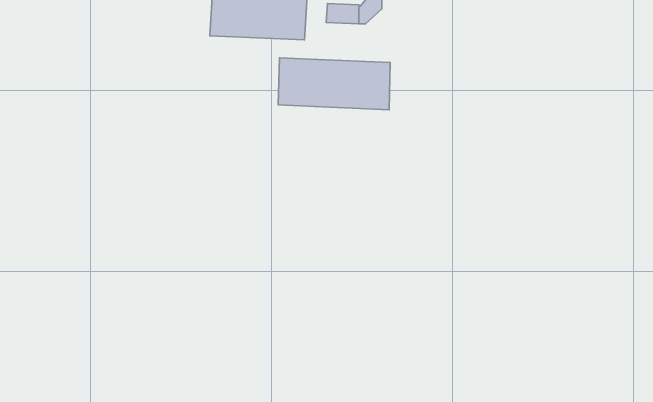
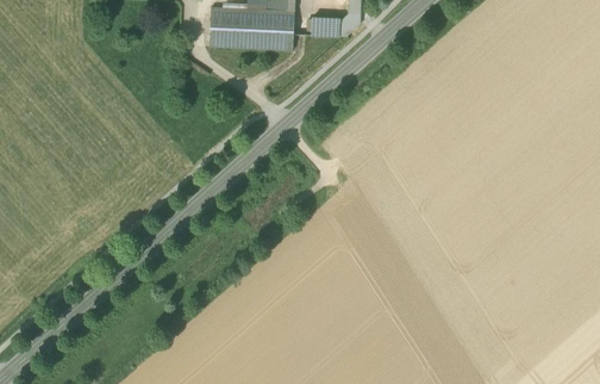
building: [278,58,390,110] -> none

